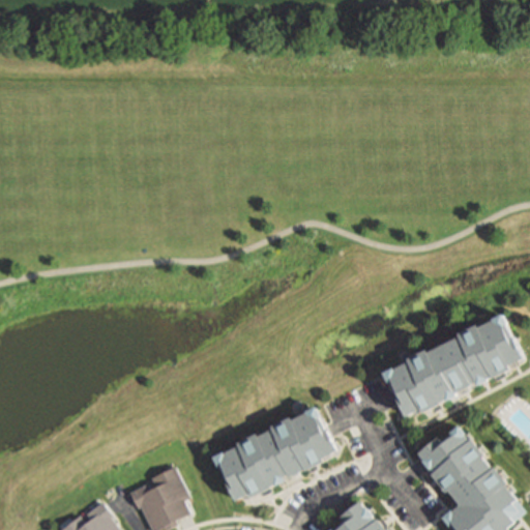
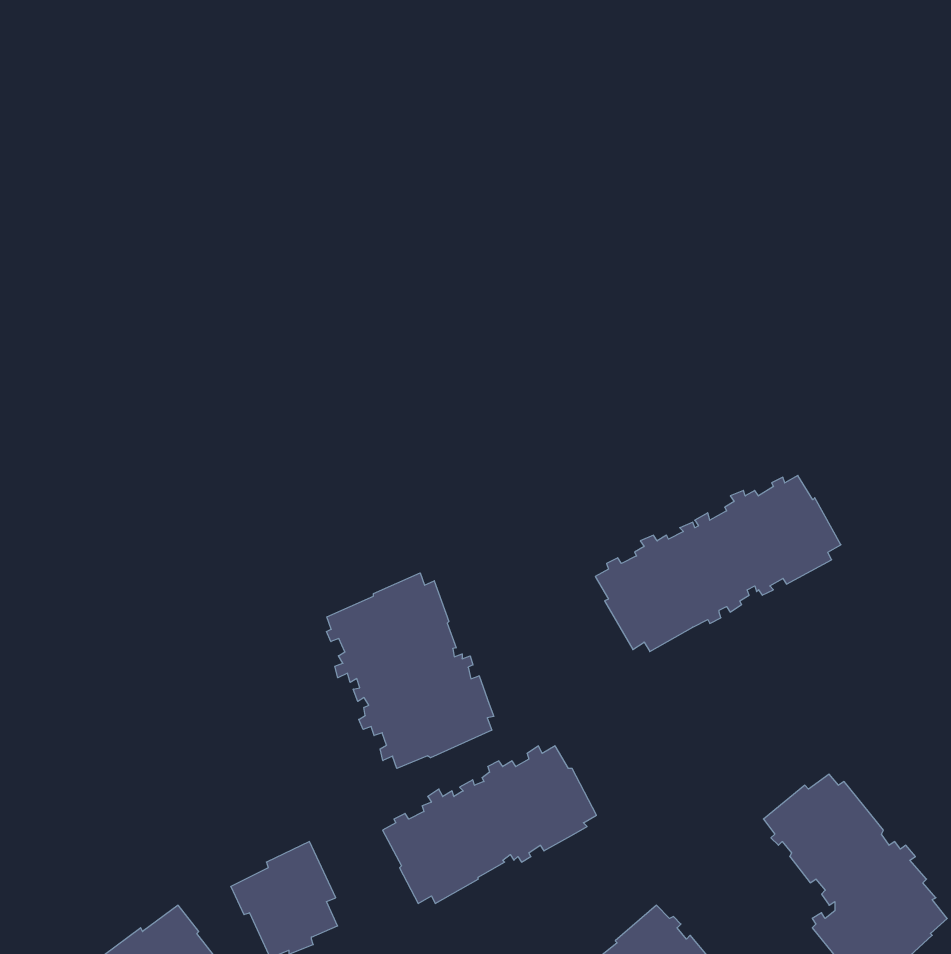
building: none -> [326,573,494,768]
building: [384,320,520,417] -> [595,475,841,652]

